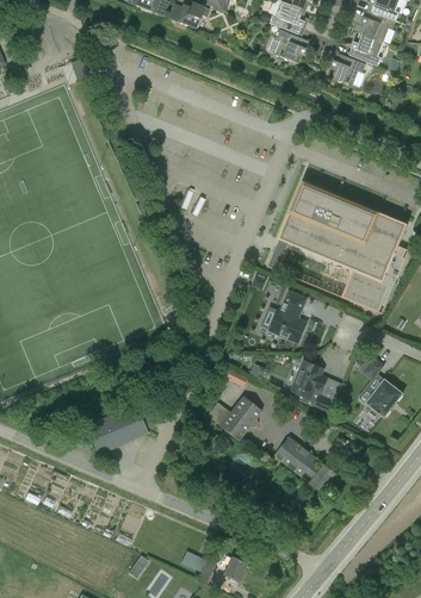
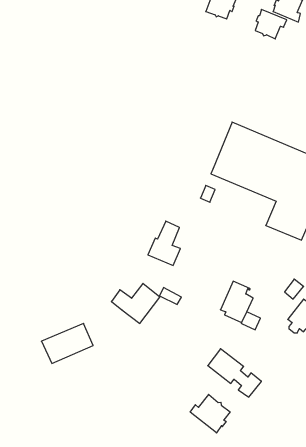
building: [270,289,307,340] -> [148,221,180,265]
building: [206,394,261,440] -> [111,283,160,323]
building: none -> [190,394,230,433]

